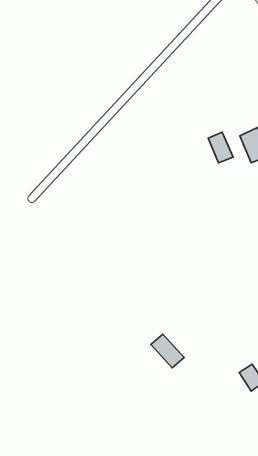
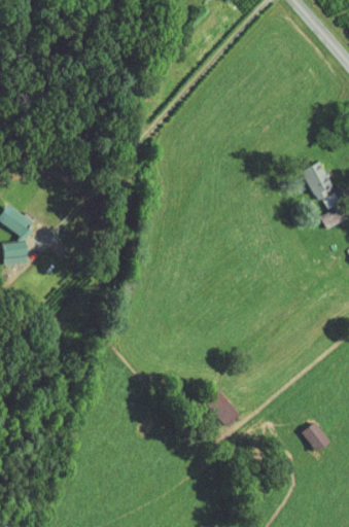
building: [208,132,233,163] -> none

